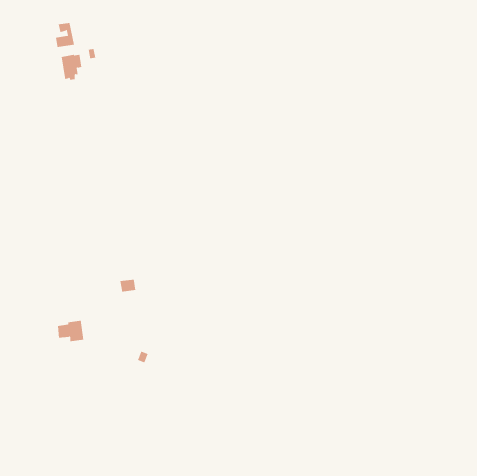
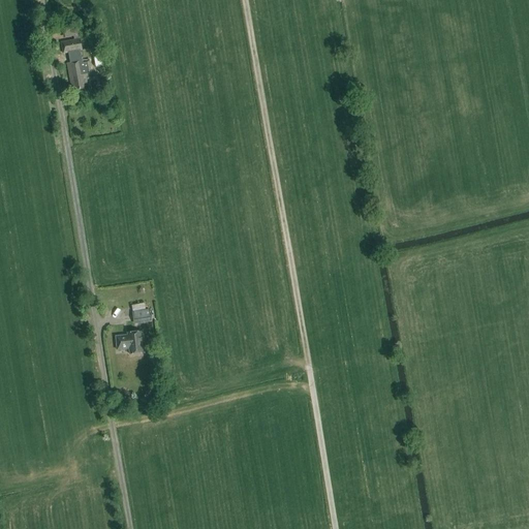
building: [57,320,84,342] -> [116,330,146,353]

